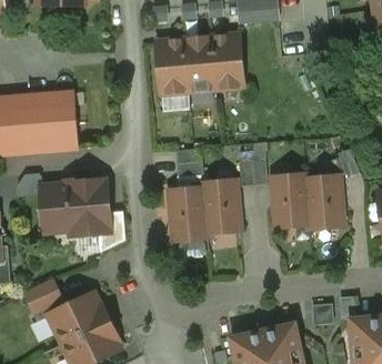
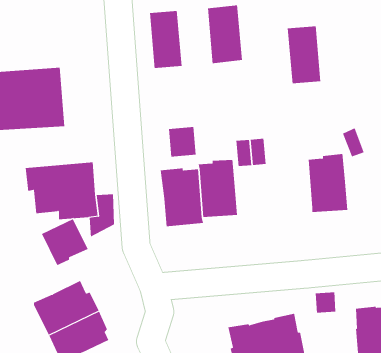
building: [183,37,215,91] -> [287,26,321,84]
building: [270,174,309,228] -> none
building: [21,276,66,321] -> [41,219,89,266]

